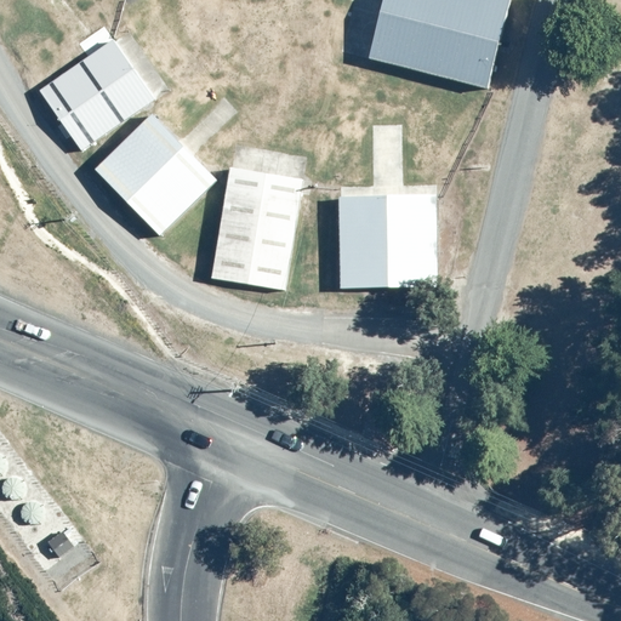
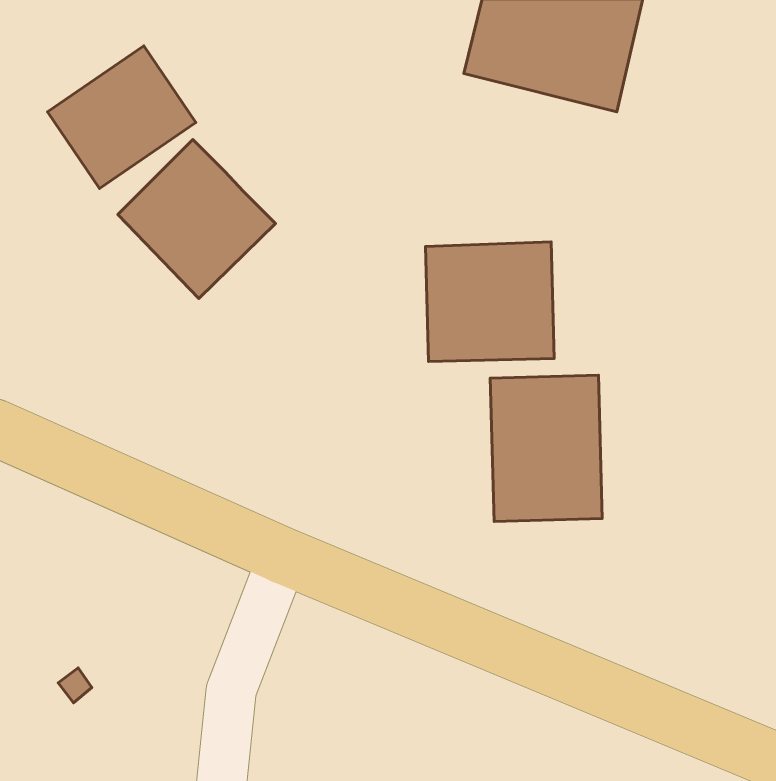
building: [211,165,303,289] -> none
building: none -> [490,375,602,522]

